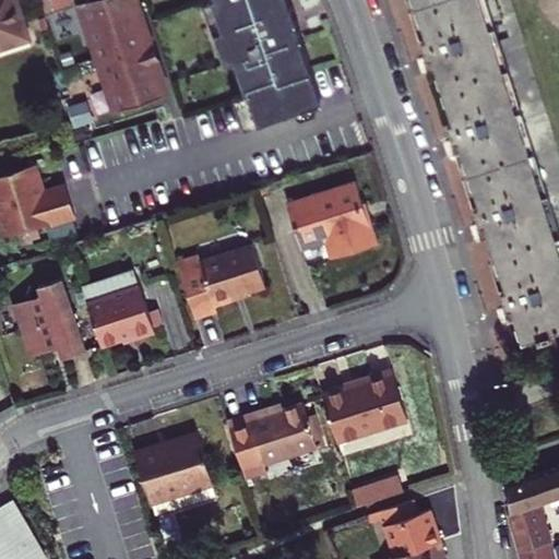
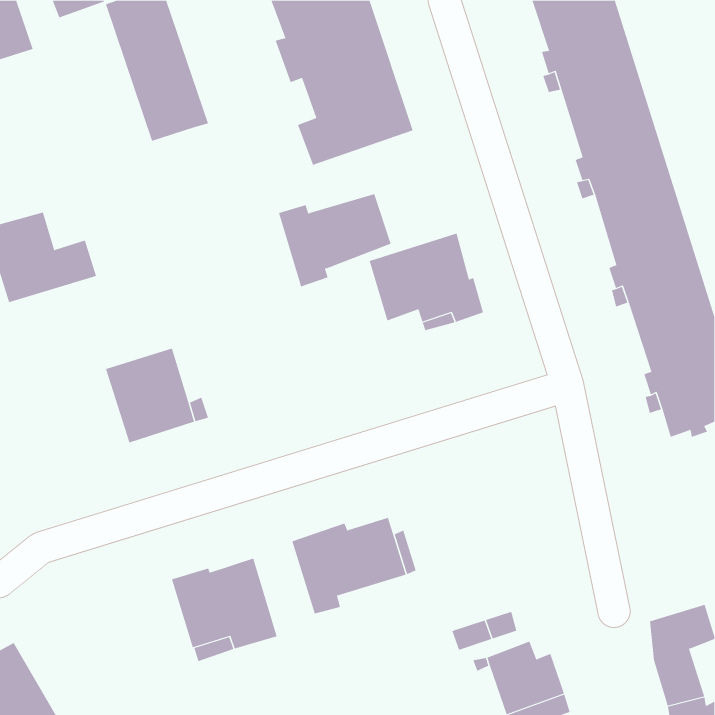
building: [177,247,265,320] -> [278,193,392,287]
building: [13,280,85,360] -> none
building: [322,370,407,442] -> none

